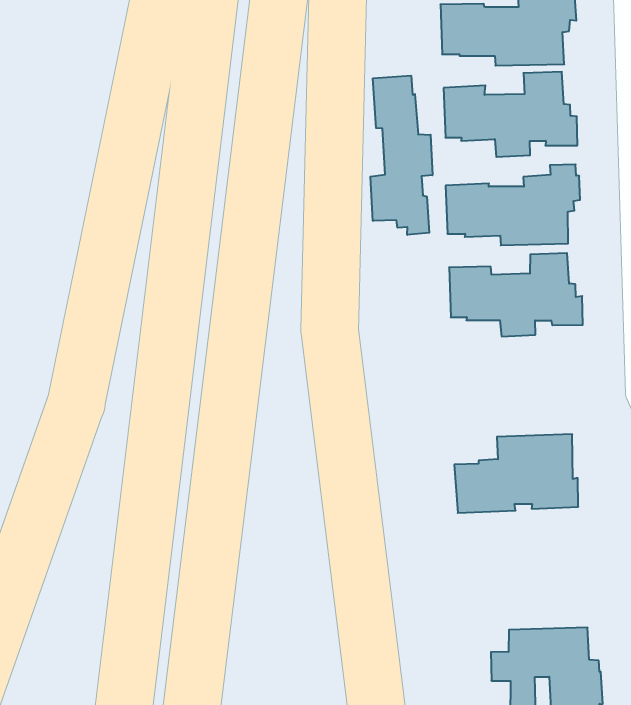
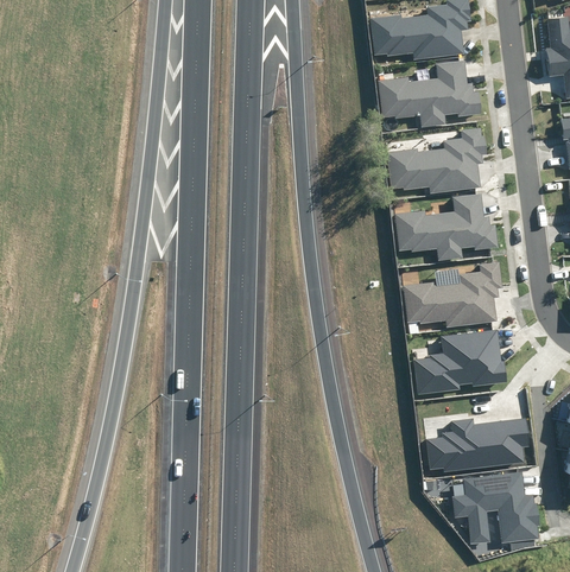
building: [370,76,432,235] -> none
building: none -> [401,262,502,329]
building: none -> [424,418,530,472]

